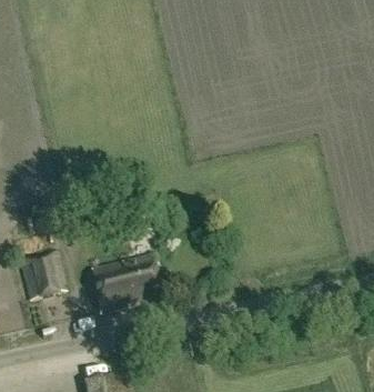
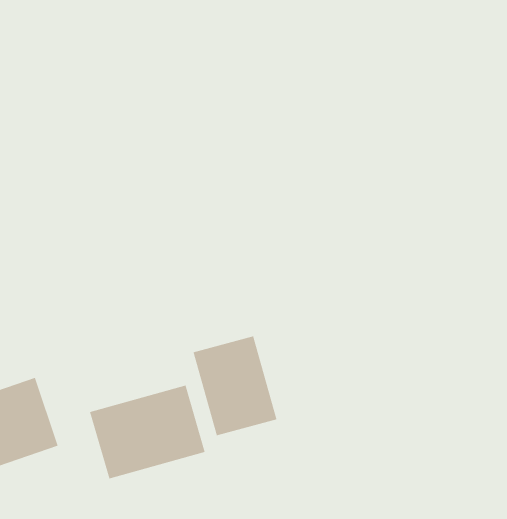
building: none -> [193,335,277,436]

